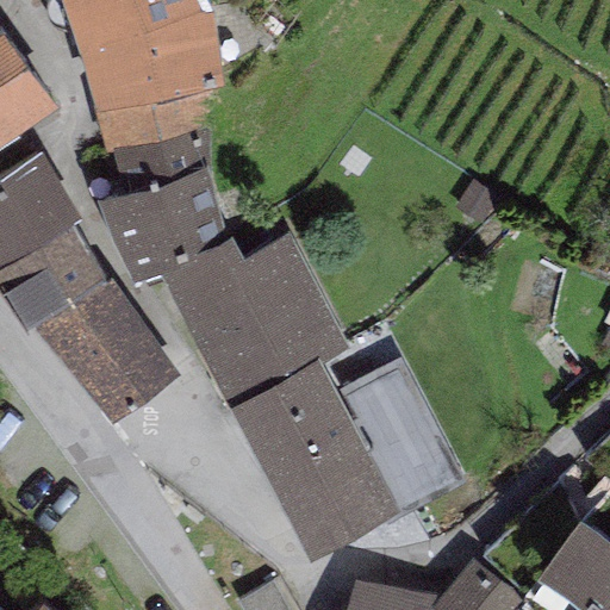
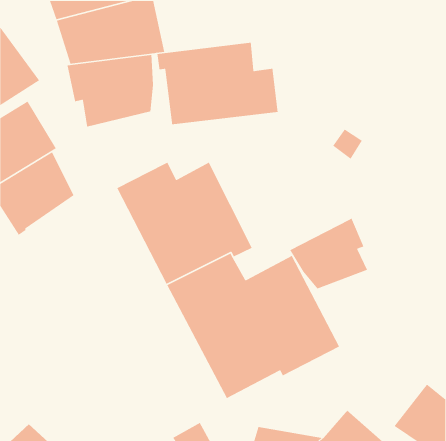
building: none -> [157,42,278,125]
building: [95,160,224,275] -> none
building: [36,269,179,421] -> none
building: none -> [289,217,368,289]

